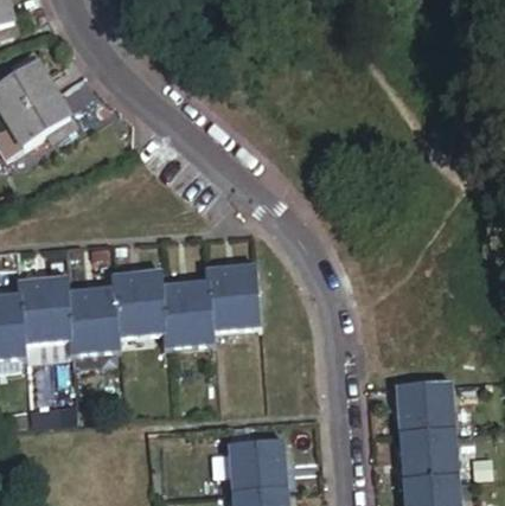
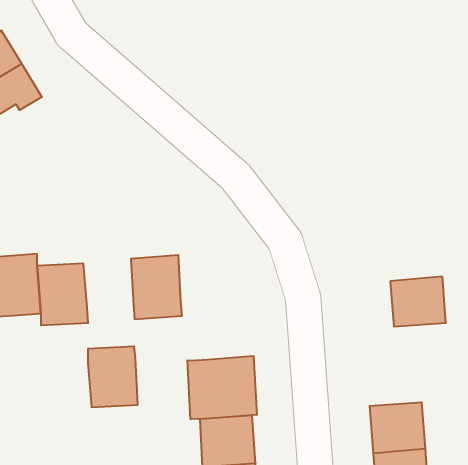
building: [209,265,258,327] -> none
building: [115,273,165,333] -> [88,346,138,407]
building: none -> [187,356,257,419]
building: [397,382,453,431] -> [390,277,446,326]

